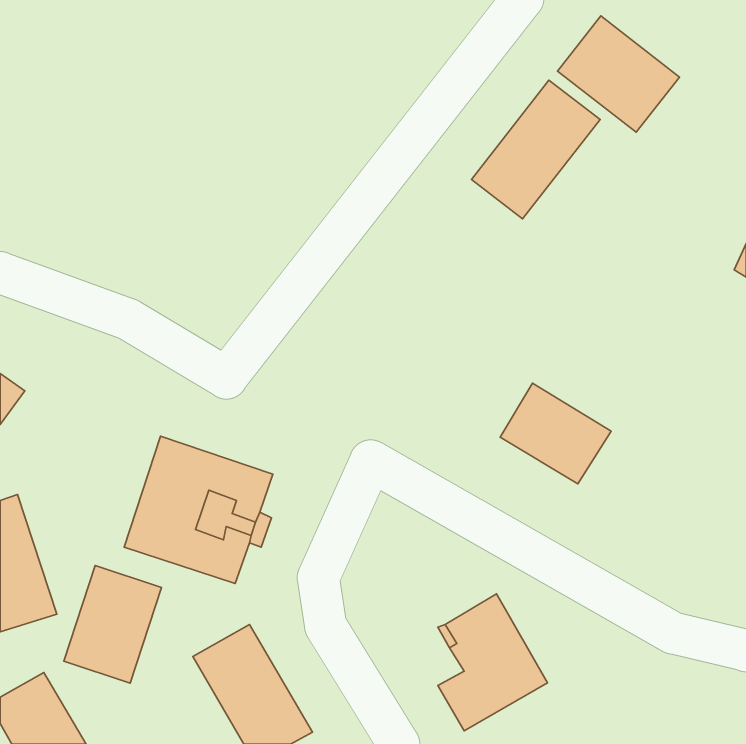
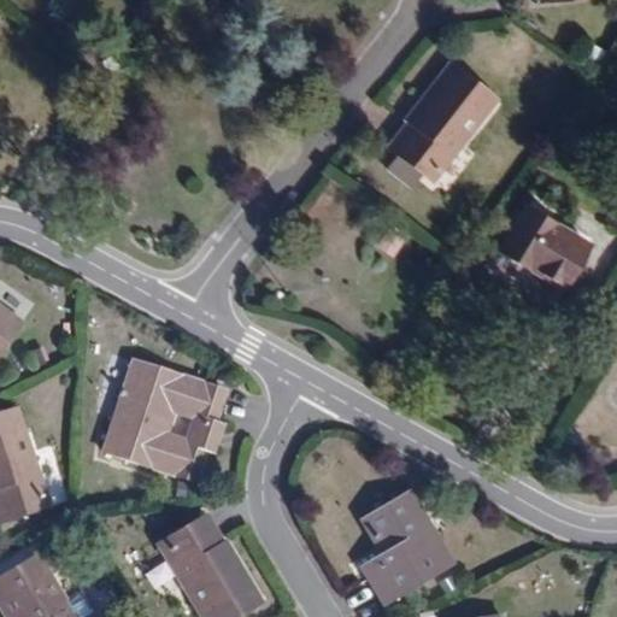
building: [558,16,680,132] -> none
building: [500,383,611,484] -> [498,205,589,288]
building: [64,566,162,683] -> none

